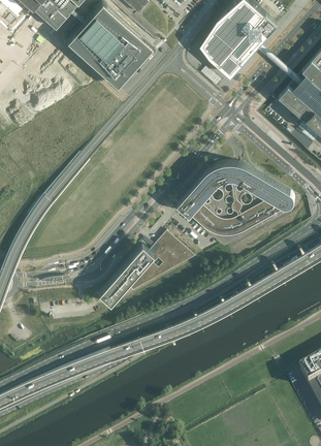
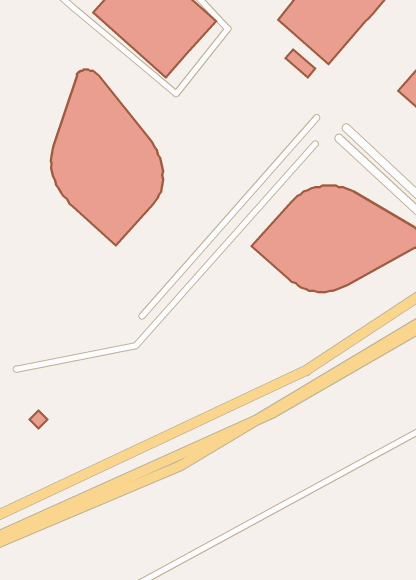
building: none -> [51,69,163,246]
building: [97,231,194,305] -> none

